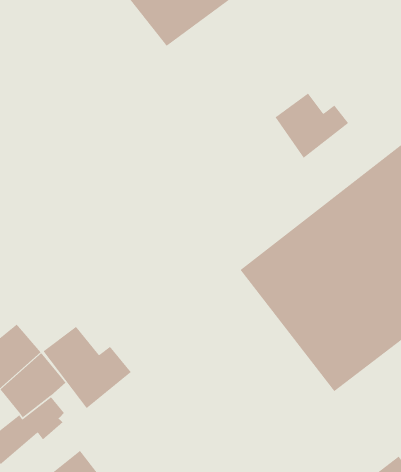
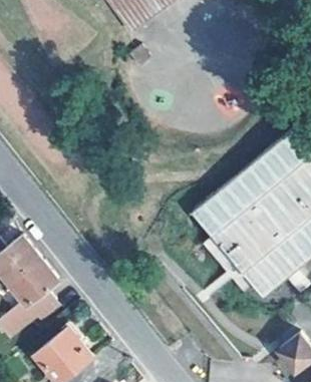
building: [274,93,349,159] -> none
building: [42,326,132,409] -> none

